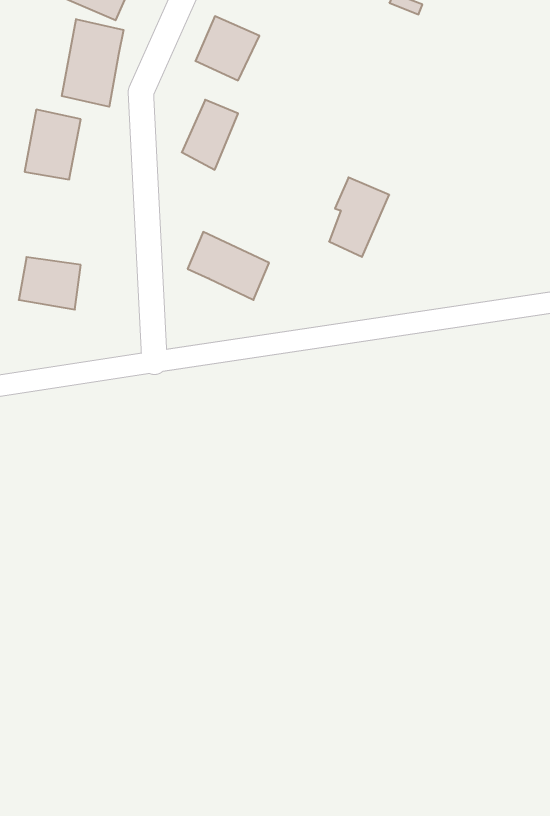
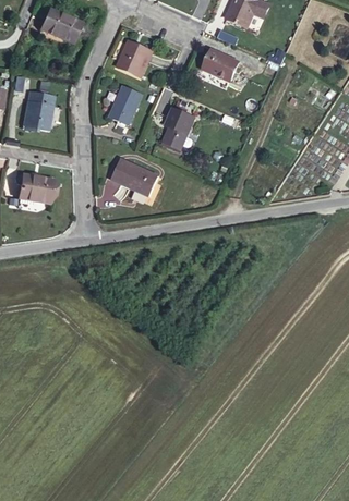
building: [62,19,124,107] -> none
building: none -> [204,49,241,83]
building: [329,177,389,257] -> [161,107,195,151]

